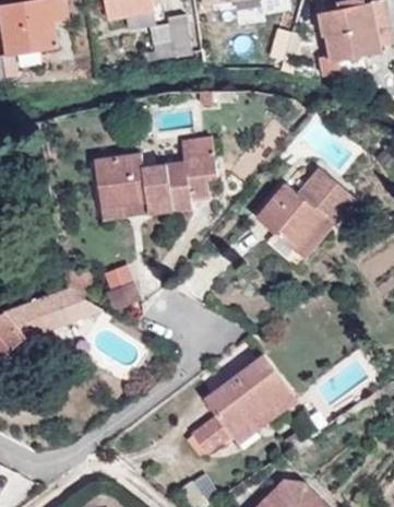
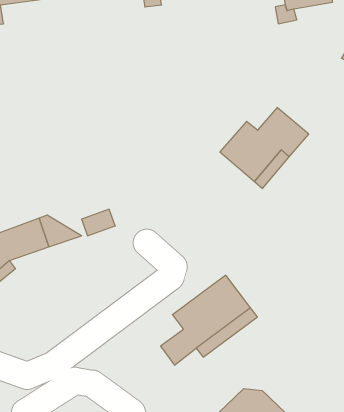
building: [93,137,215,220] -> none

